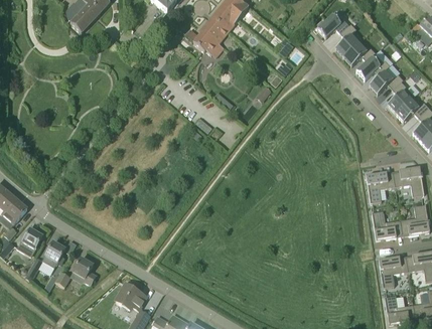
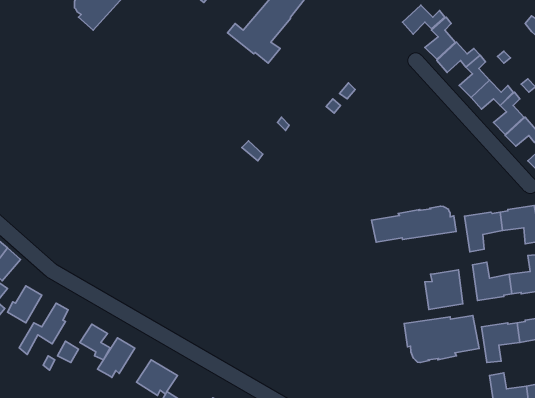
building: none -> [371,206,456,242]
building: none -> [425,270,463,309]
building: none -> [404,315,479,363]
building: none -> [98,338,135,378]

